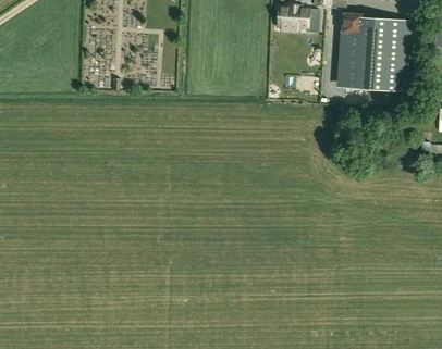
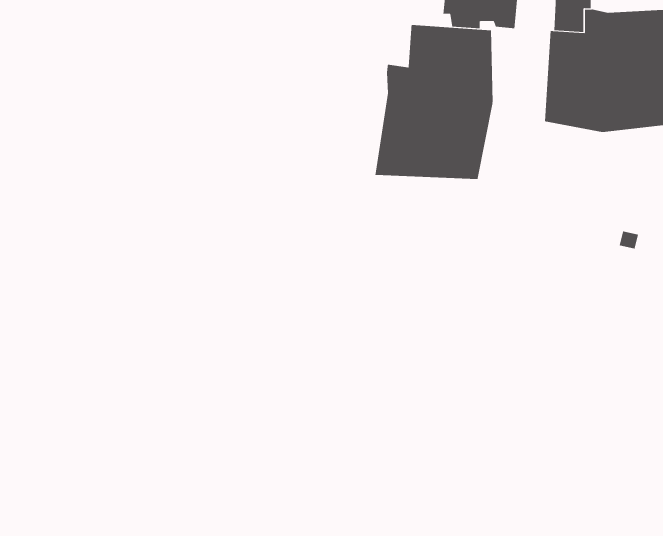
building: none -> [375,24,493,180]

